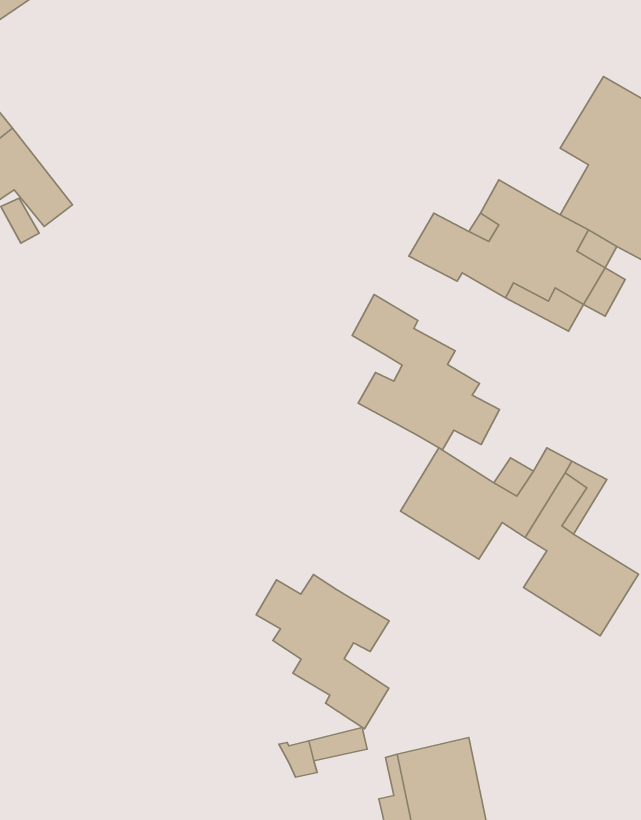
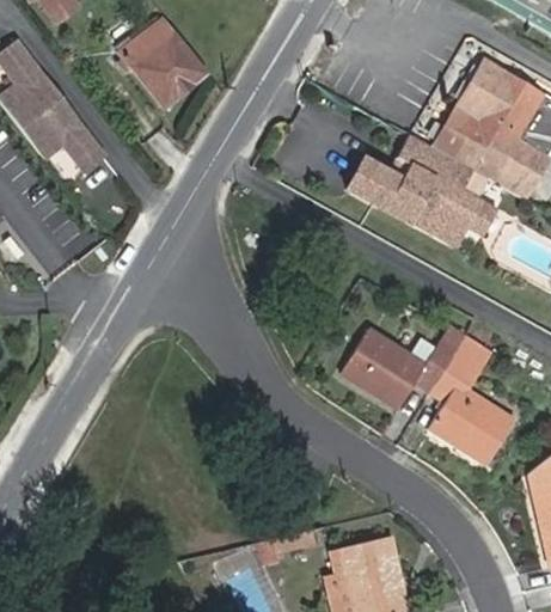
building: none -> [122,19,203,105]
building: [352,295,499,450] -> none
building: [256,574,389,729] -> none

